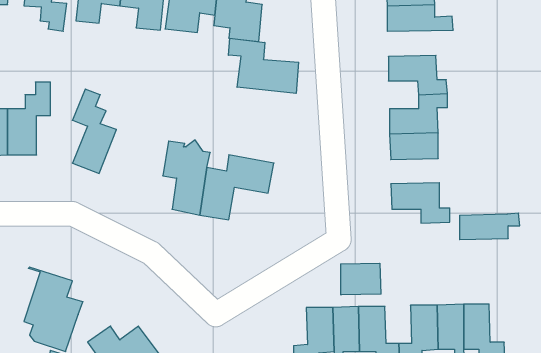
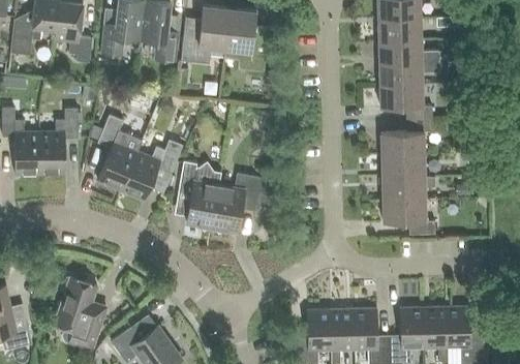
building: none -> [378,61,437,85]
building: [228,38,299,93] -> none
building: none -> [121,139,183,200]
building: [460,213,520,240] -> [381,175,435,199]
building: [341,263,381,295] -> none

